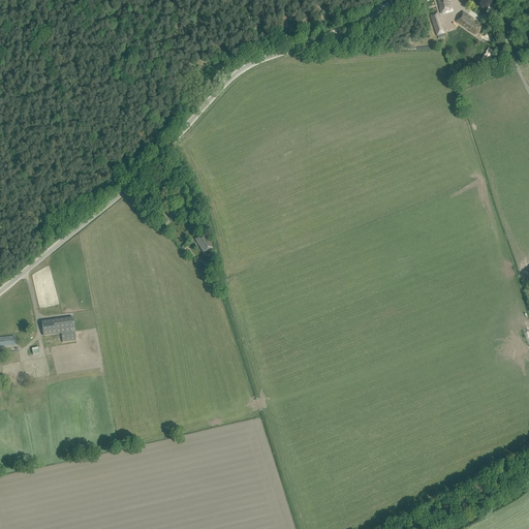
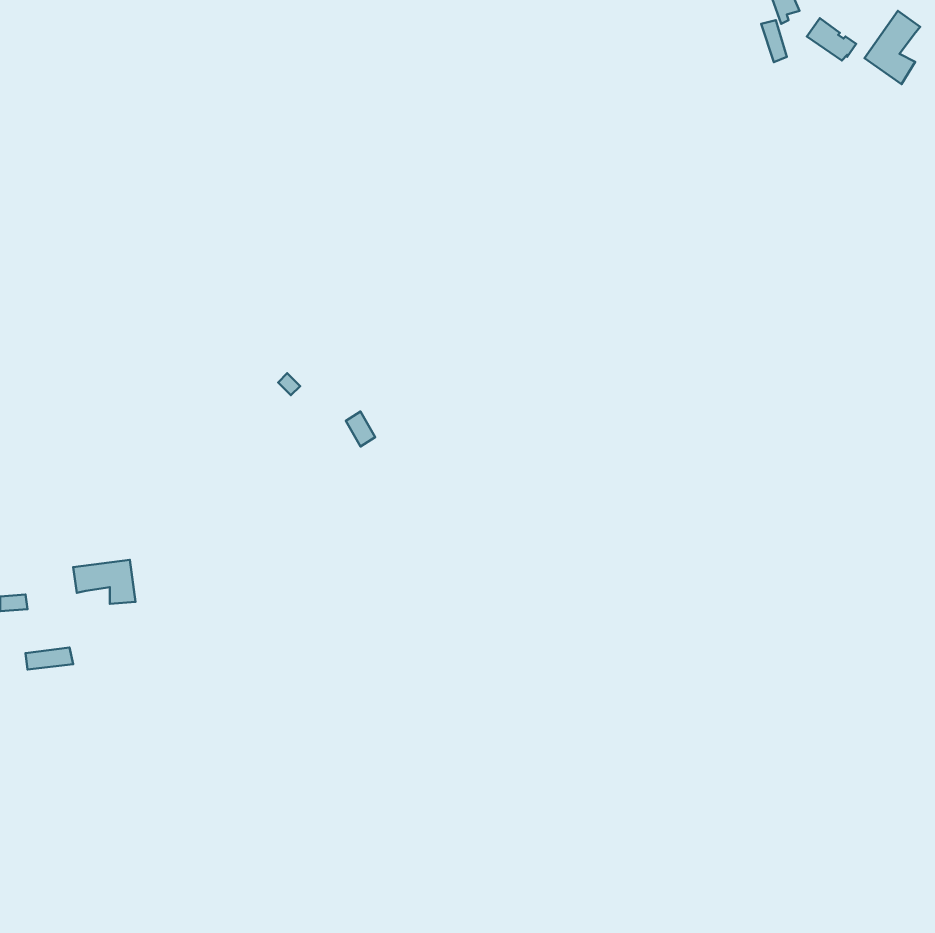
building: none -> [864,11,920,84]

